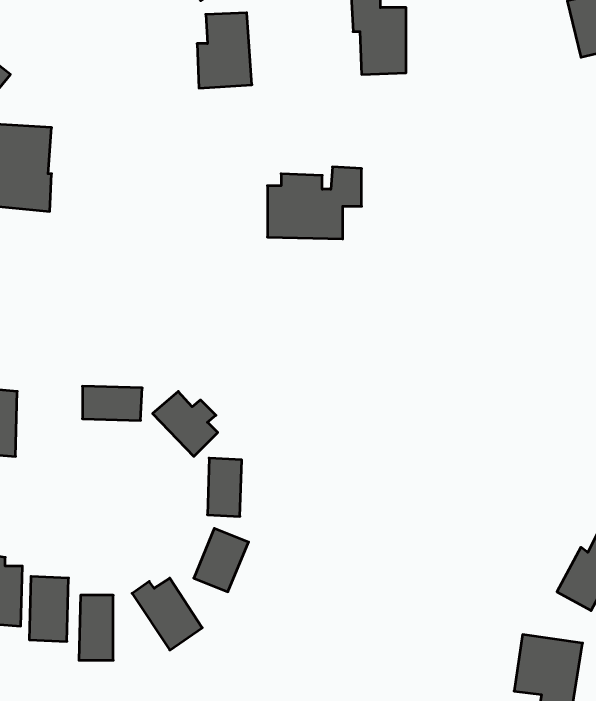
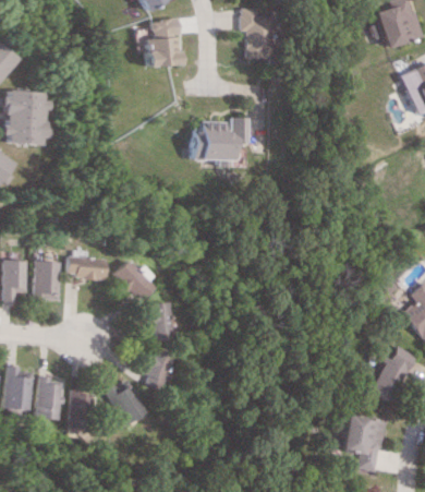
building: none -> [34,261,59,299]

